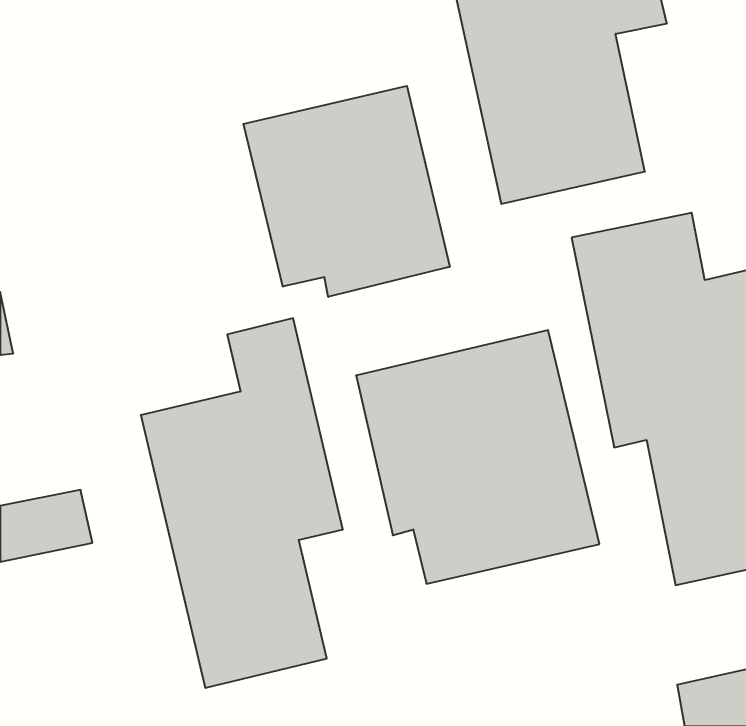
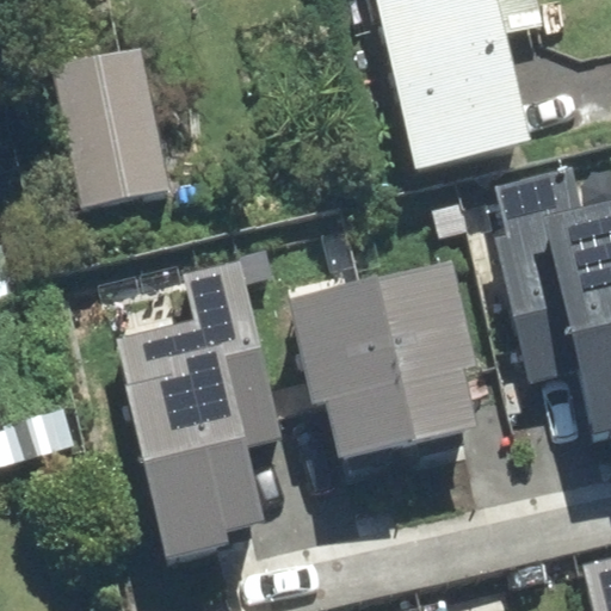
building: none -> [49,21,169,196]
building: [243,86,450,297] -> none

